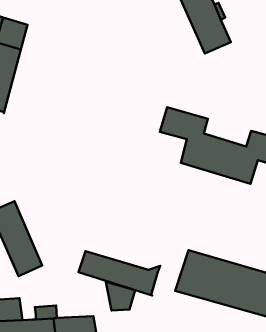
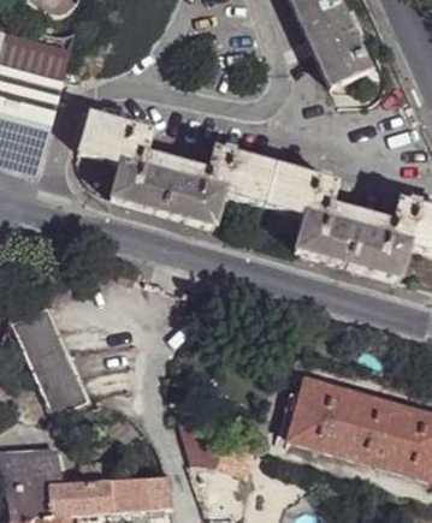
building: none -> [78,113,273,228]
building: [79,251,160,295] -> none

